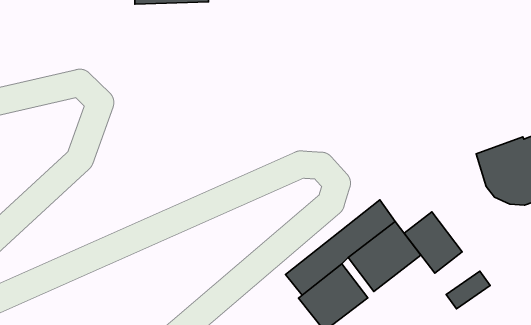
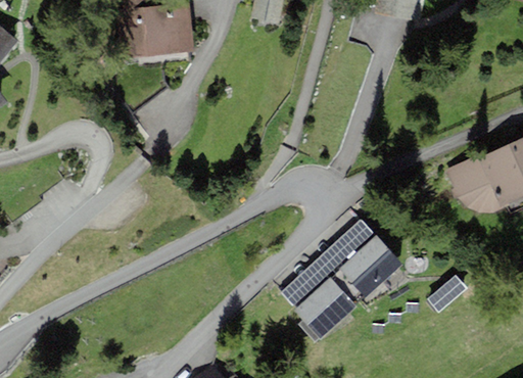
building: [404,212,462,273] -> none

